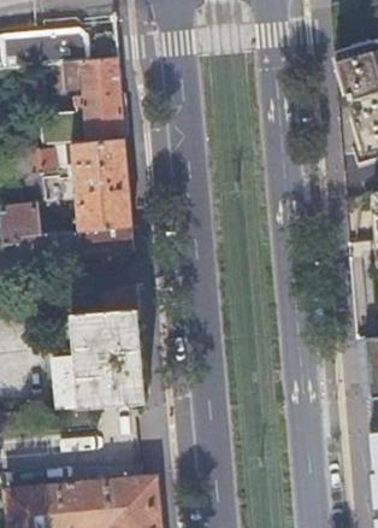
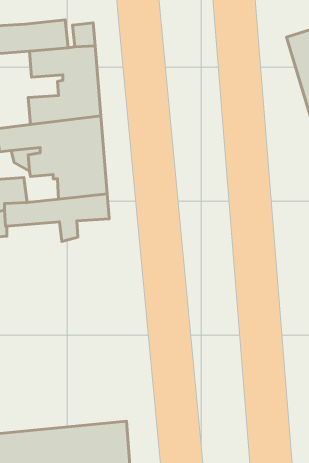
building: [54,284,148,409] -> none

